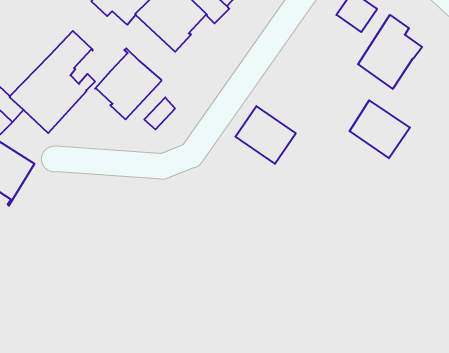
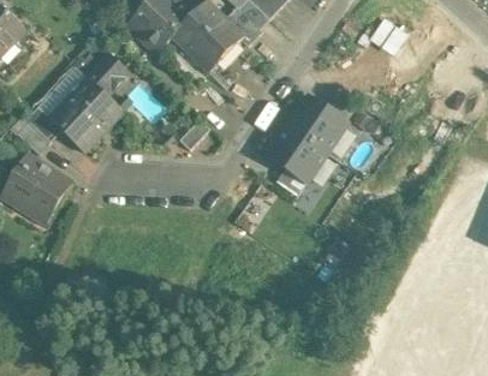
building: [358,15,422,89] -> none
building: [95,48,161,119] -> none
building: [349,100,410,158] -> [288,97,347,154]

